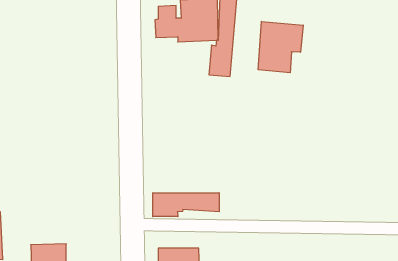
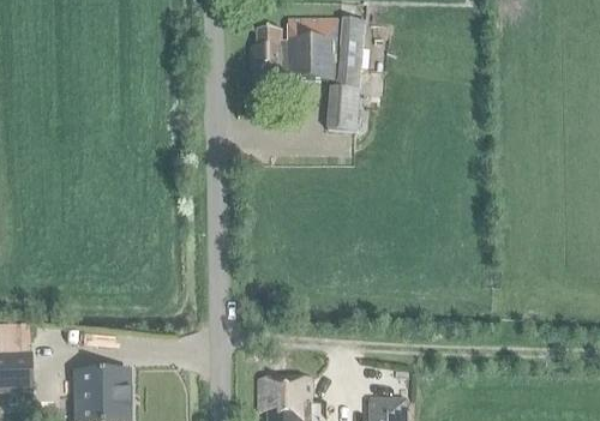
building: [258,21,303,73] -> none
building: [153,193,219,217] -> none

